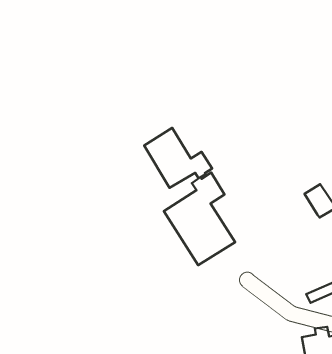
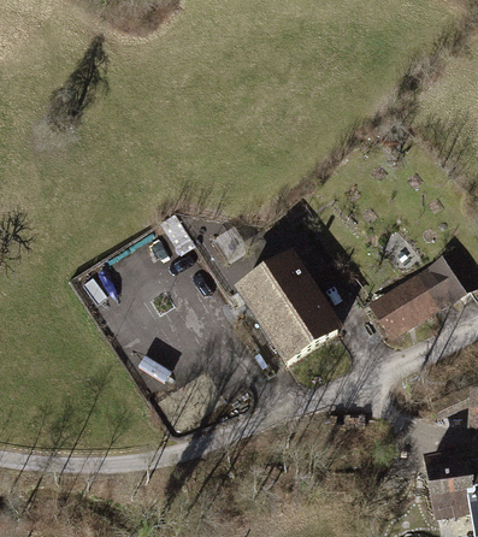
building: [144,128,212,188] -> none
building: none -> [376,265,452,334]

